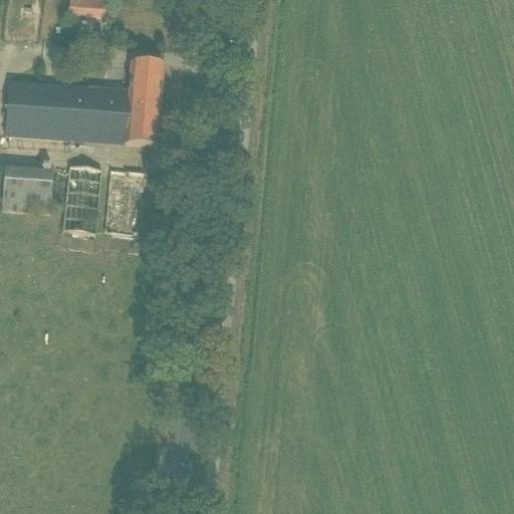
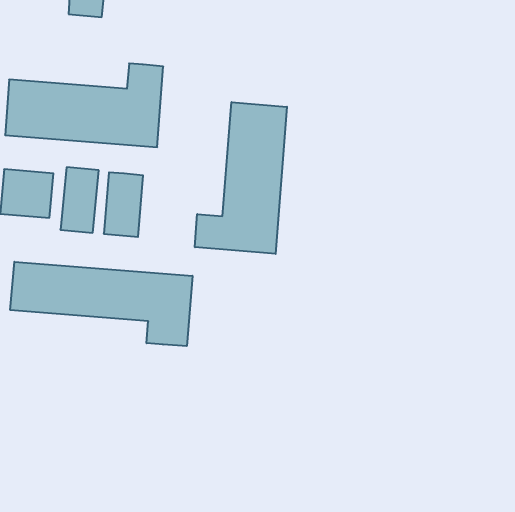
building: none -> [195,102,287,254]
building: none -> [10,262,192,346]

